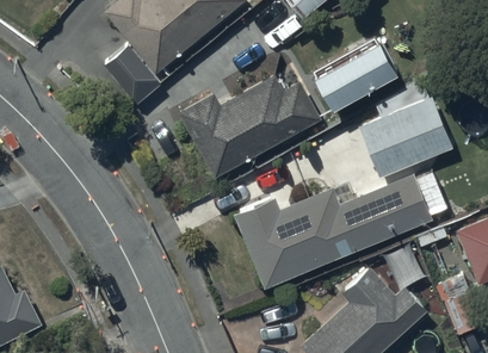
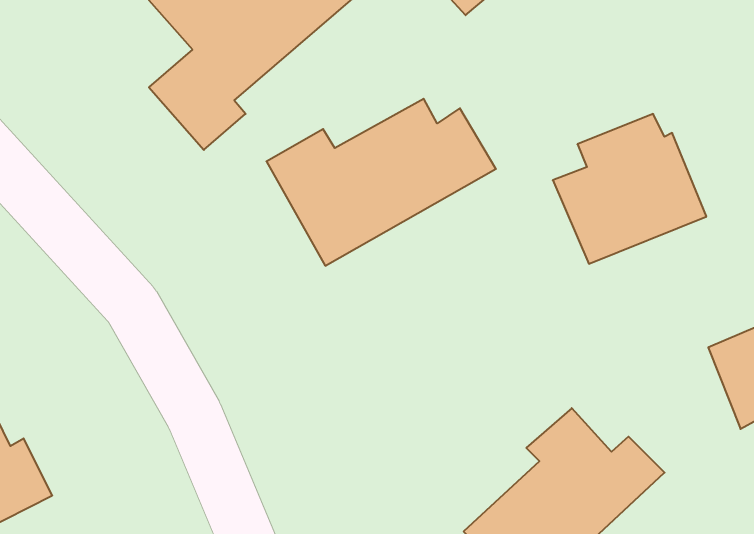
building: [314,35,400,107] -> none
building: [235,169,447,290] -> none

